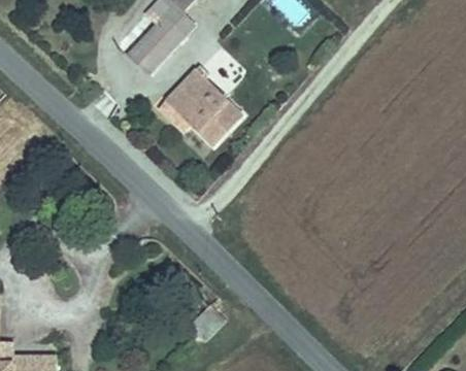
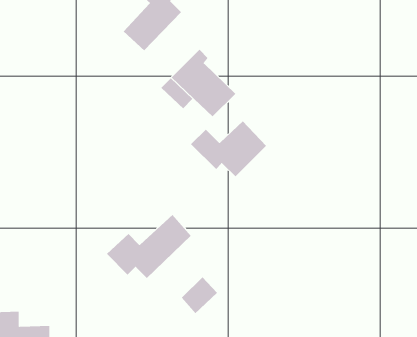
building: none -> [190,121,267,177]
building: none -> [106,214,192,279]

